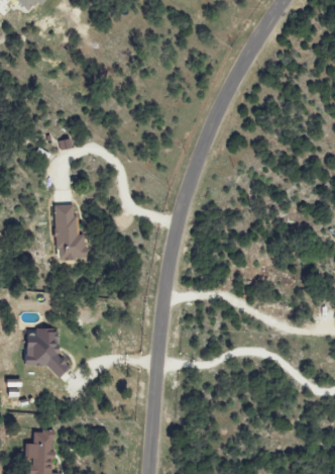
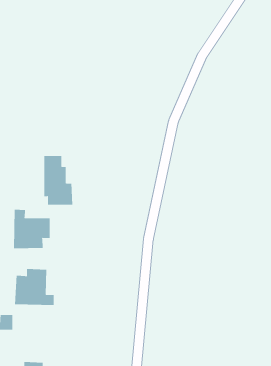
building: none -> [13,209,50,249]

